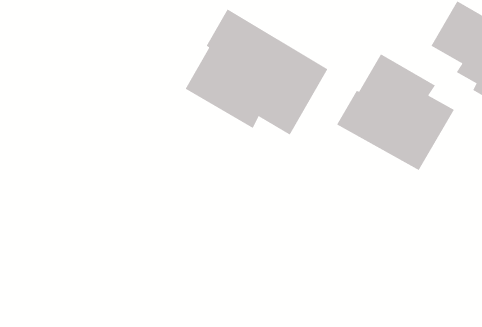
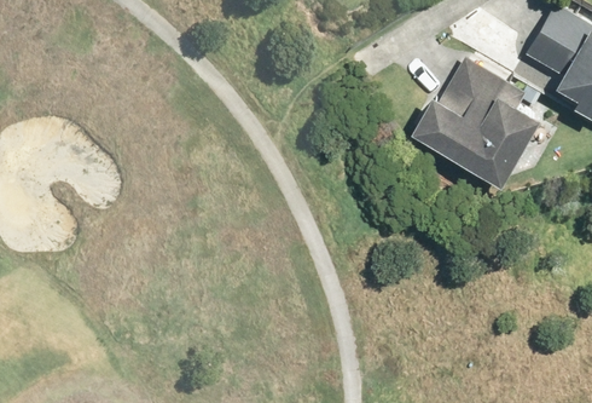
building: [185,9,328,135] -> none

